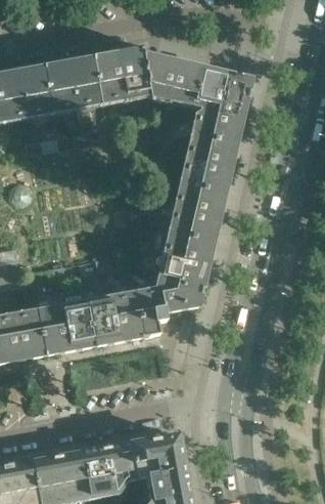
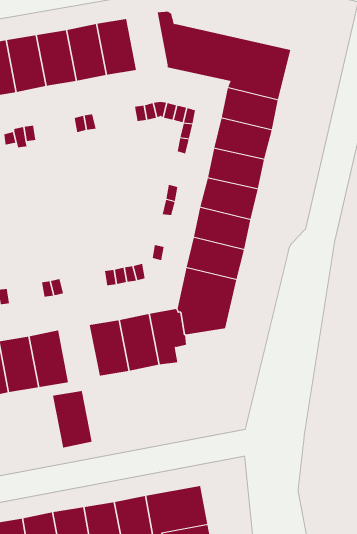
building: [118,47,150,94] -> none
building: [62,302,95,349] -> [52,391,92,448]

